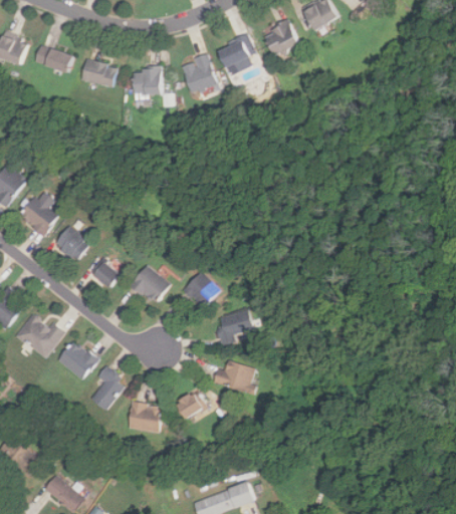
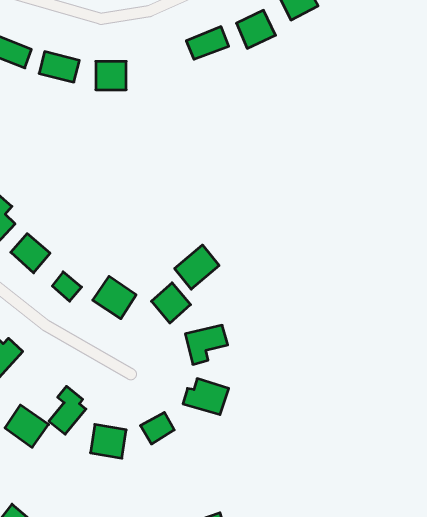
building: [180,54,217,93] -> none
building: none -> [175,245,219,289]
building: [57,340,97,379] -> [5,405,49,447]

